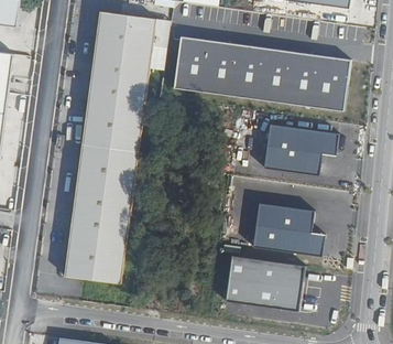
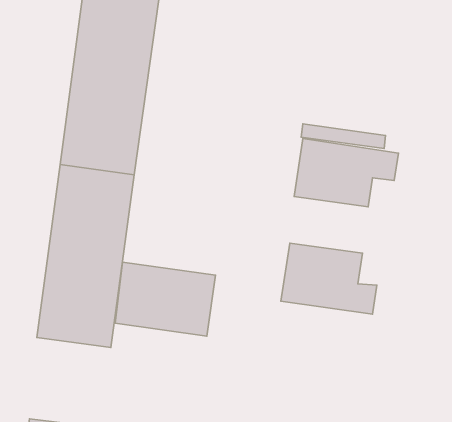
building: [172,36,347,110] -> none
building: [225,256,301,312] -> [115,262,215,336]

